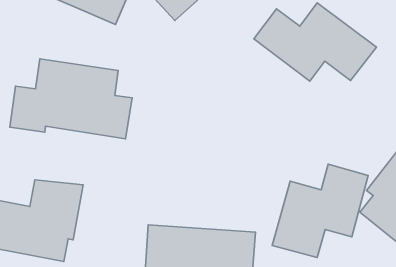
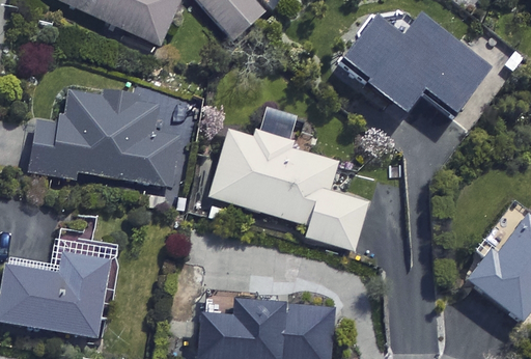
building: none -> [211,106,370,250]
building: [272,164,368,257] -> none

